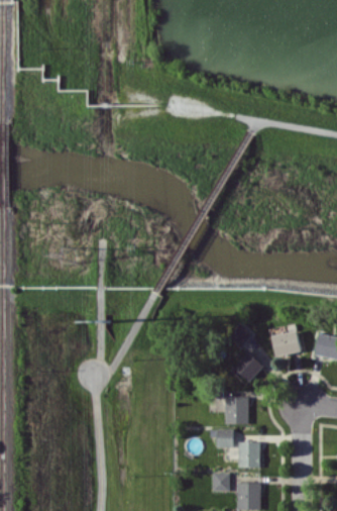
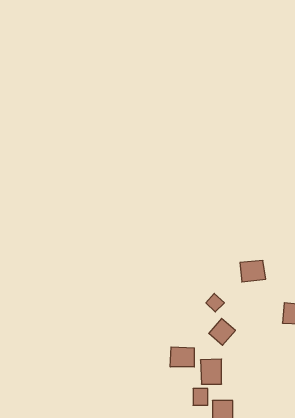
building: [272,331,301,354] -> [240,261,266,282]
building: none -> [170,347,194,367]

